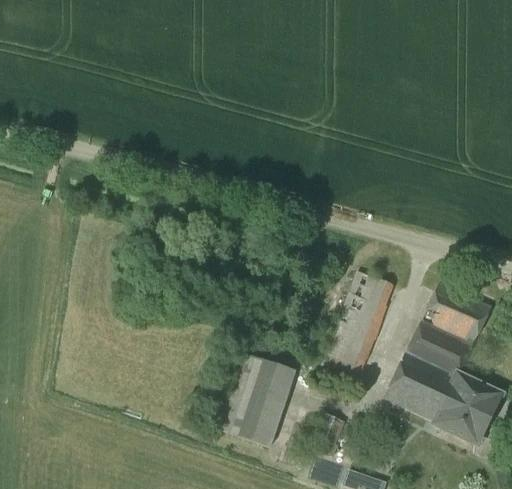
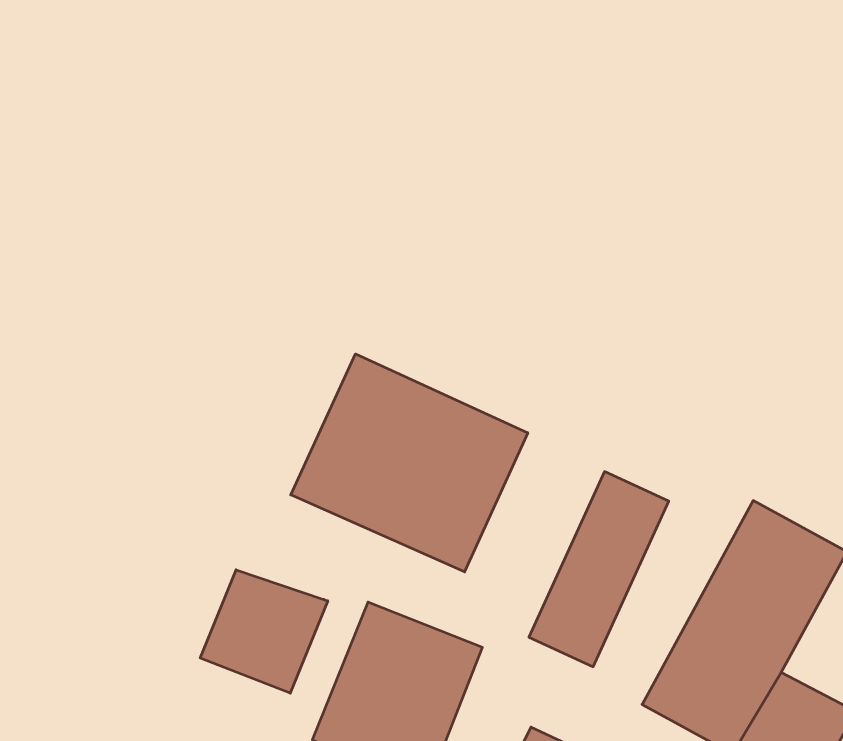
building: none -> [291,354,528,572]
building: none -> [200,570,328,693]

